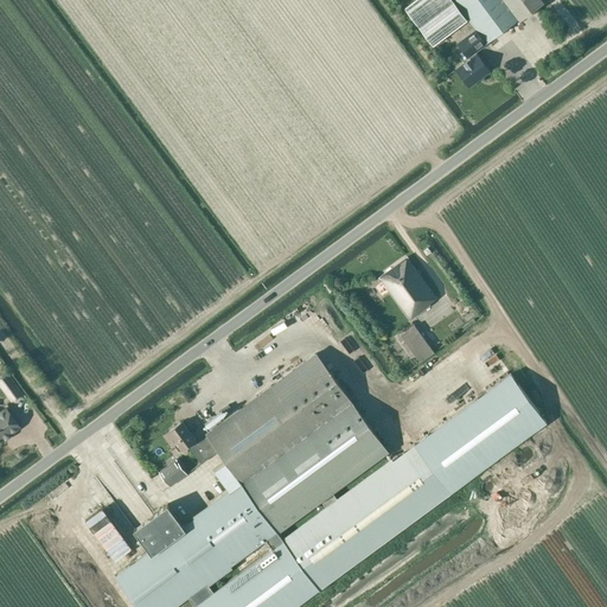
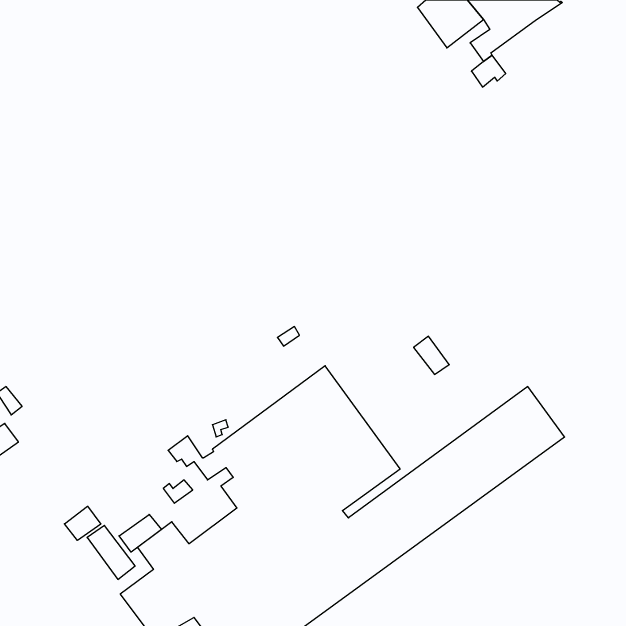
building: [379,258,436,320] -> none
building: none -> [64,506,101,540]
building: none -> [119,514,161,552]

